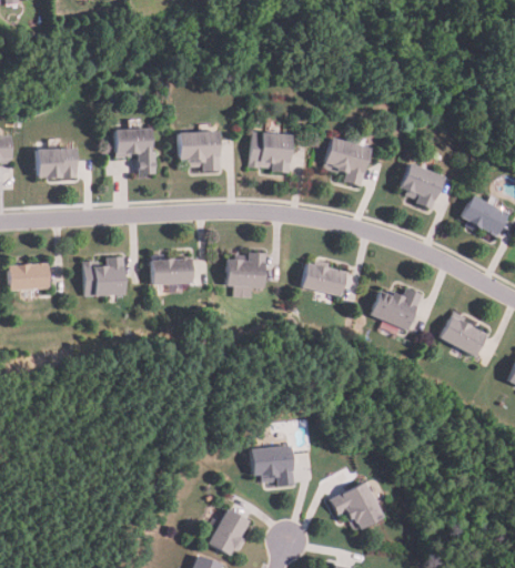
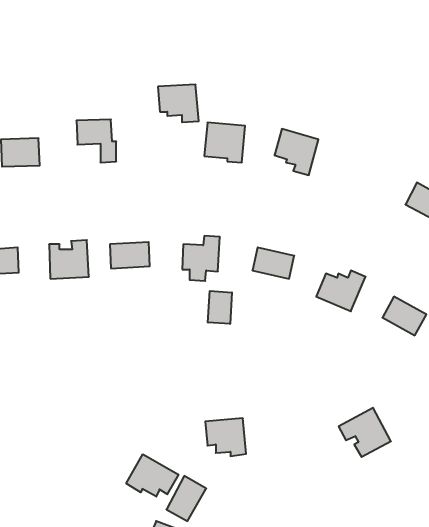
building: [179,131,222,171] -> [158,85,199,122]
building: [400,163,445,210] -> none
building: none -> [208,291,232,324]
building: [330,478,385,530] -> [339,408,391,457]
building: none -> [126,454,178,497]

